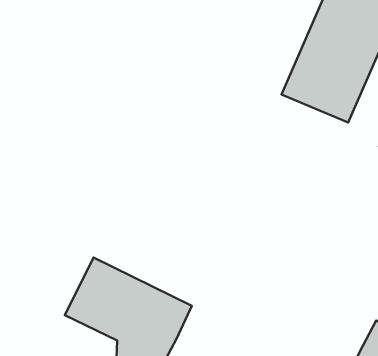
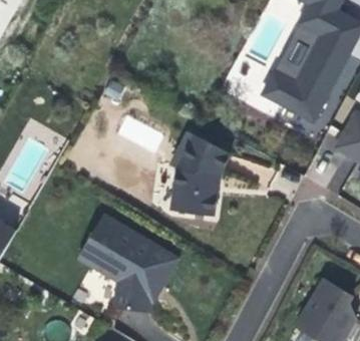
building: none -> [170,132,230,216]

